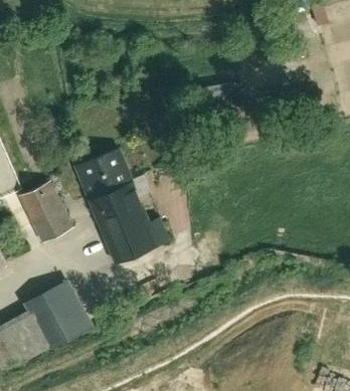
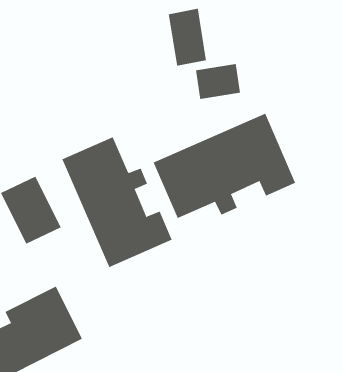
building: none -> [168,8,207,67]
building: none -> [153,113,296,219]

